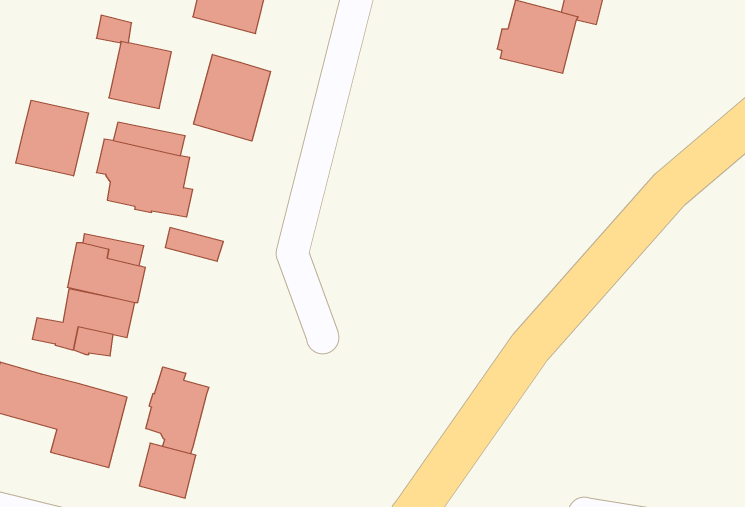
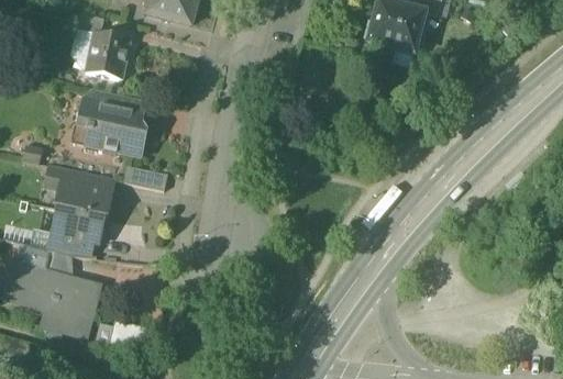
building: [194,54,271,141] -> none
building: [16,100,88,176] -> none
building: none -> [36,248,68,277]
building: [146,367,209,454] -> none

